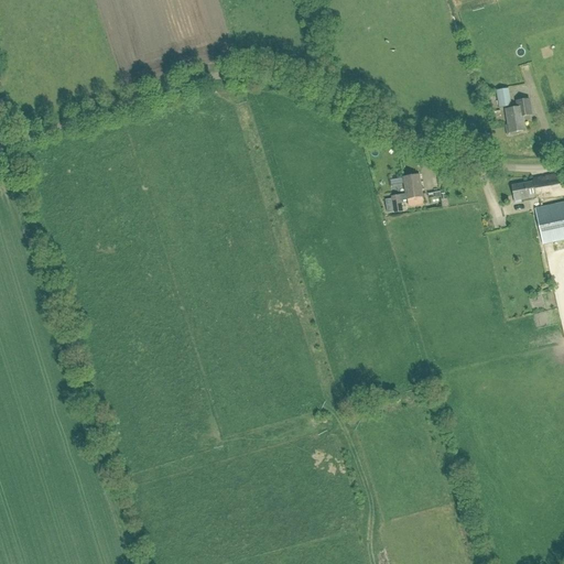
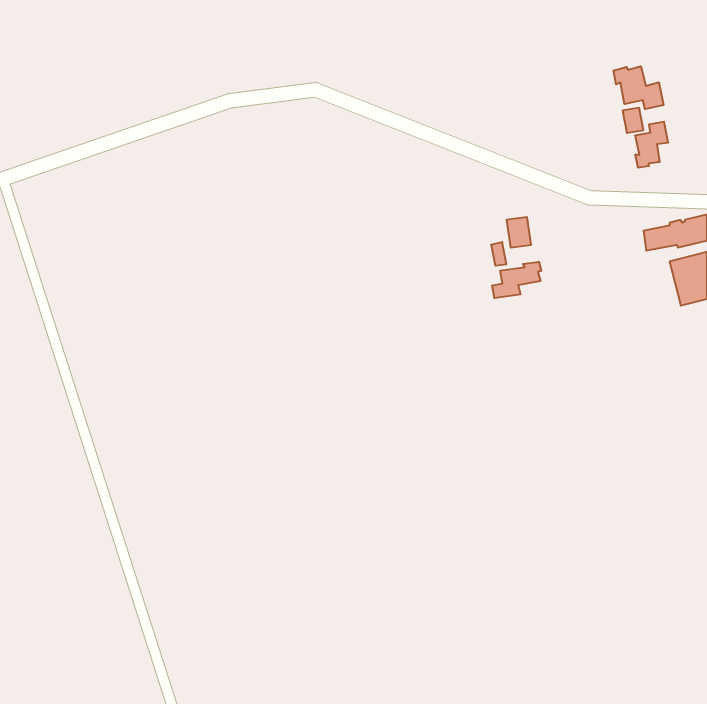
building: none -> [614,66,663,109]
building: none -> [492,262,541,298]

